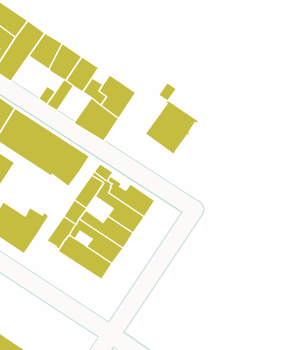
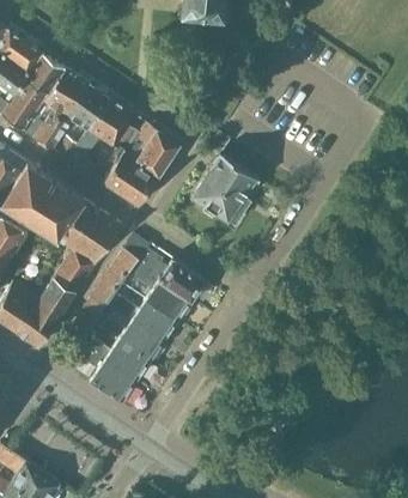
building: none -> [26,102,77,152]
building: none -> [45,249,95,302]
building: none -> [75,346,136,405]

